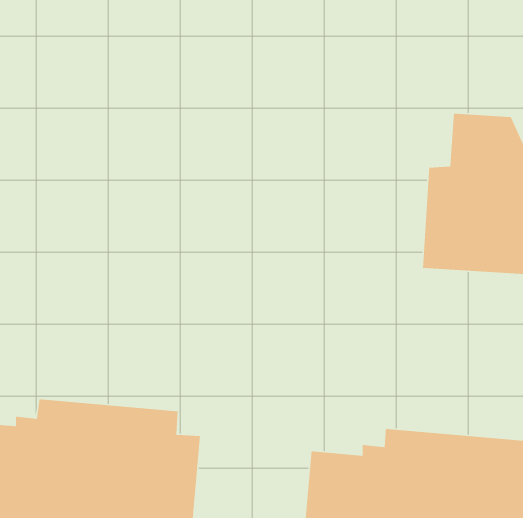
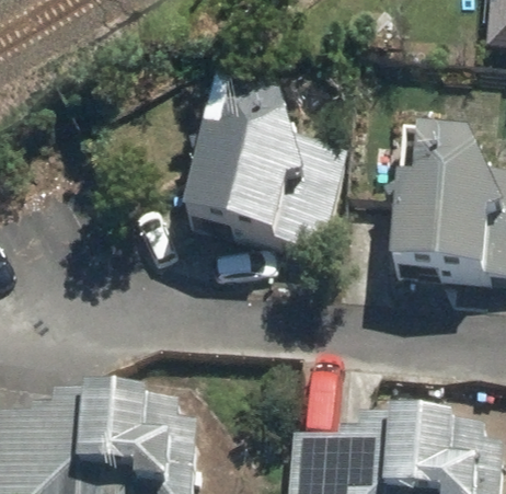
building: none -> [187,83,345,250]

